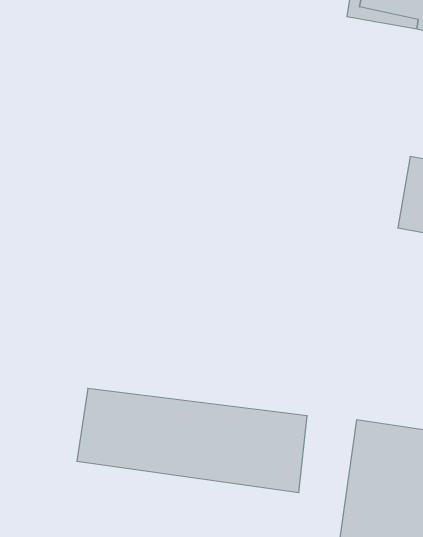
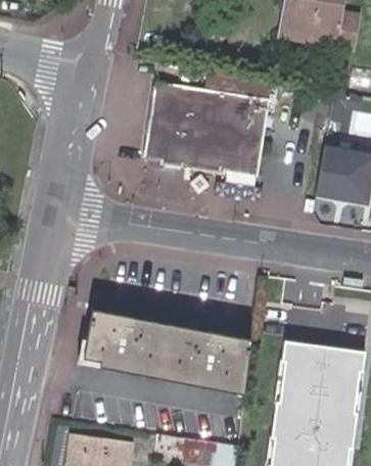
building: none -> [142,84,266,176]

